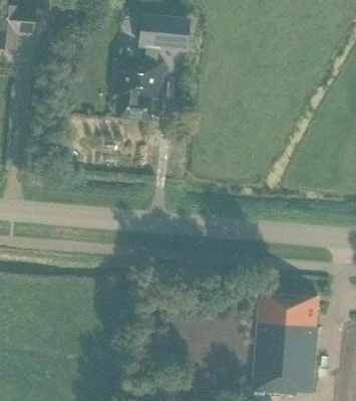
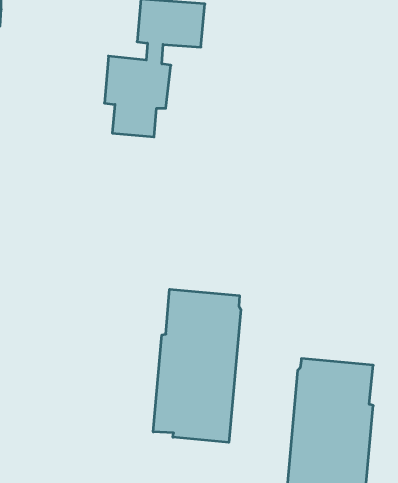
building: none -> [153,289,241,442]

